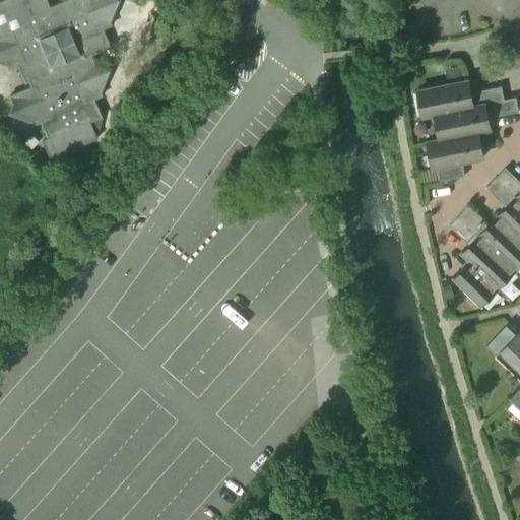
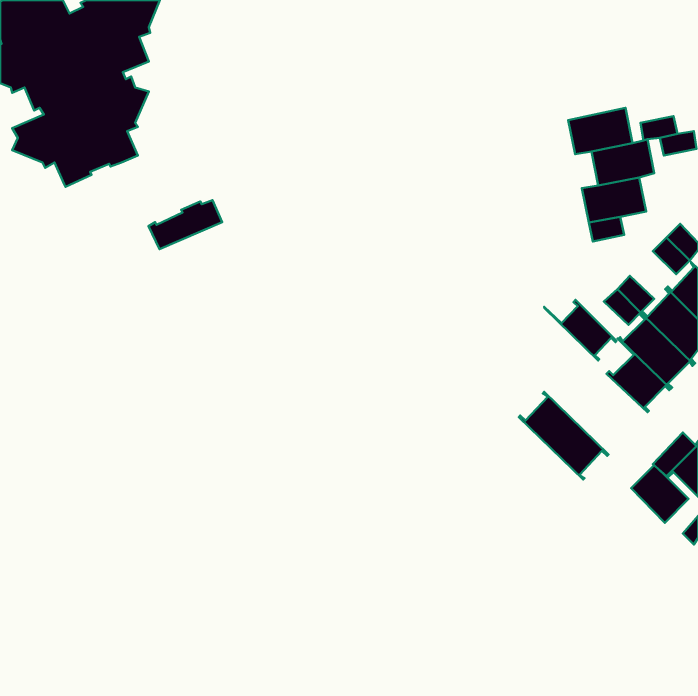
building: [43,122,98,158] -> [148,200,222,249]
building: none -> [544,300,616,360]
building: none -> [519,392,608,480]
building: none -> [631,465,689,523]

